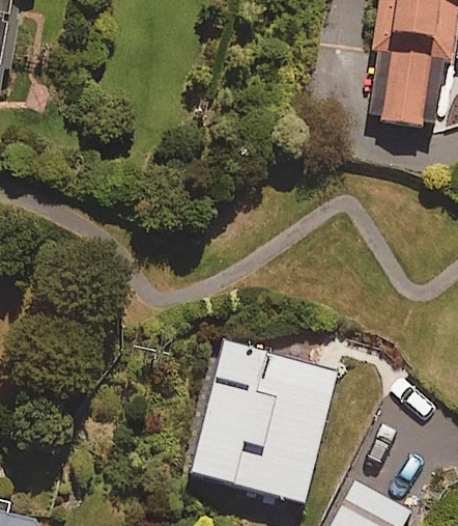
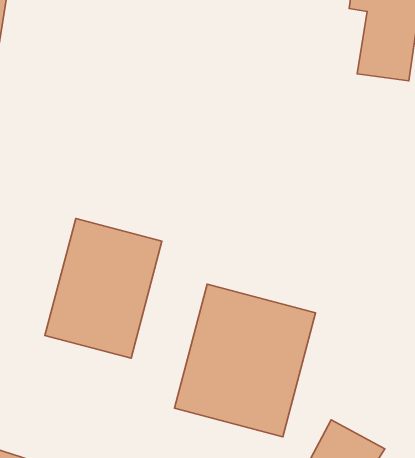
building: none -> [45,219,162,358]

